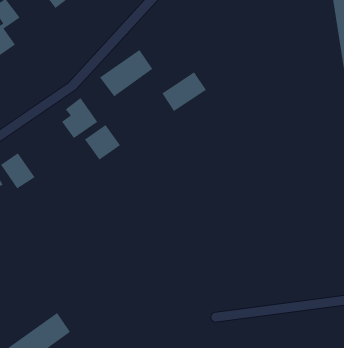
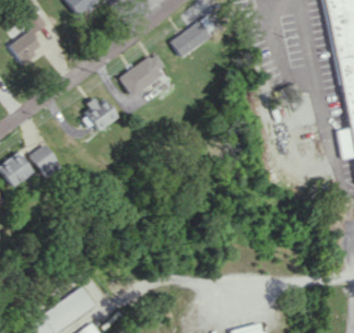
building: [161,71,207,112] -> [170,21,211,57]
building: [84,124,121,160] -> none

